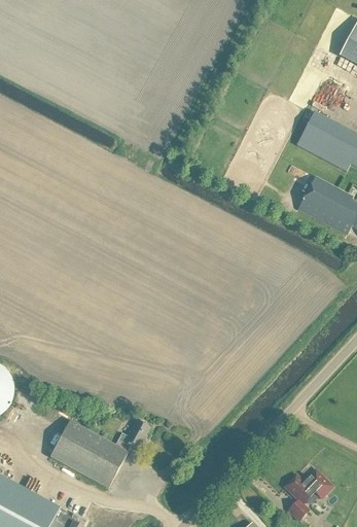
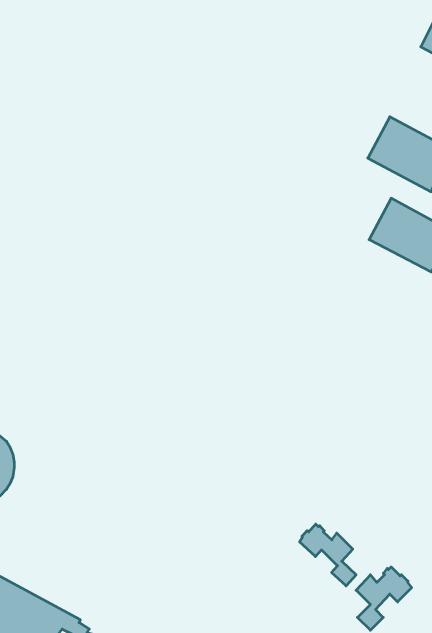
building: [50,419,150,488] -> none
building: none -> [300,524,356,586]

